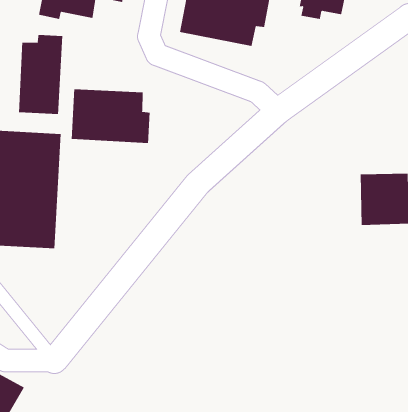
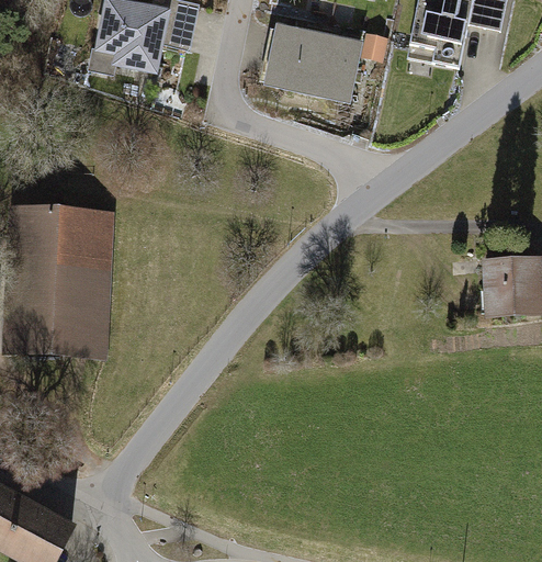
building: [18,34,63,115] -> none
building: [71,88,150,144] -> none

